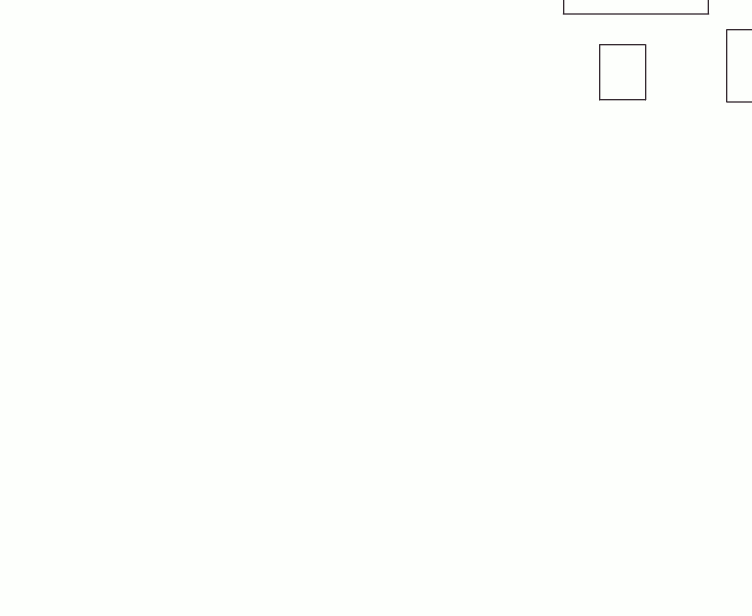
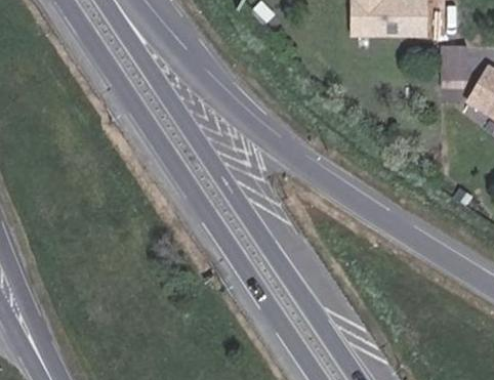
building: [600,45,645,100] -> none

